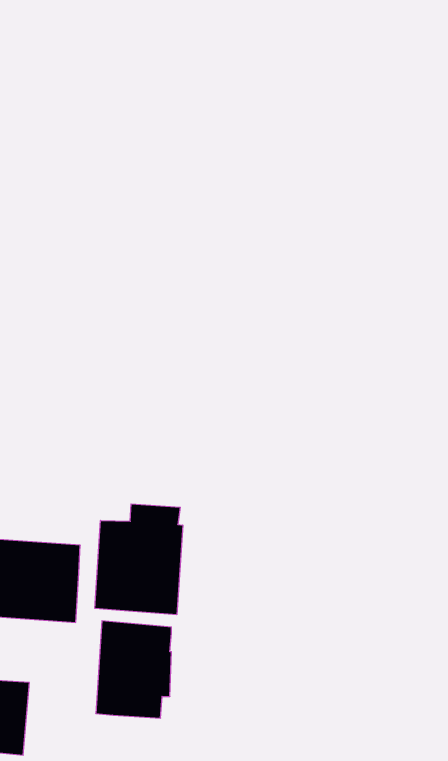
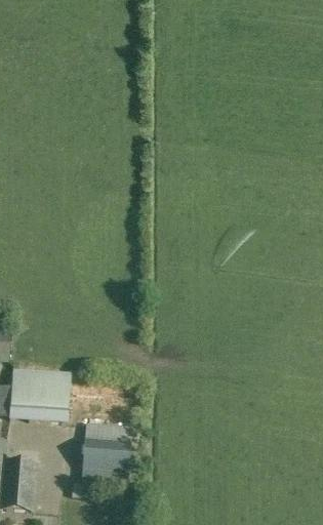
building: [95,504,183,615] -> none

